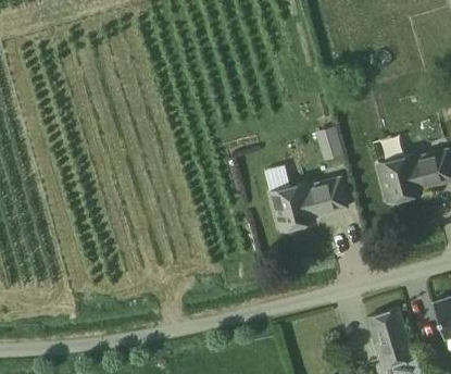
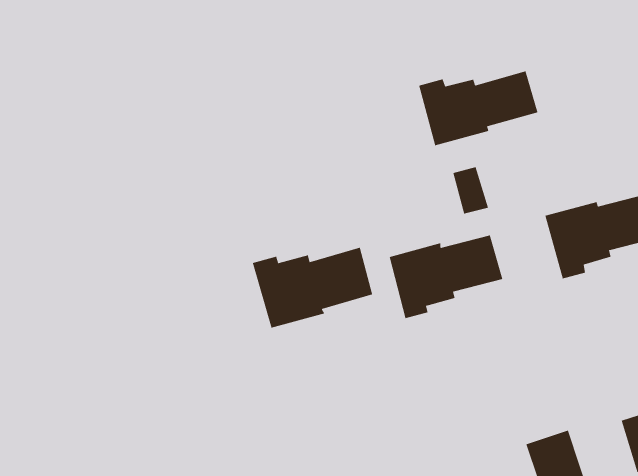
building: none -> [418,71,538,146]
building: none -> [252,247,373,329]

